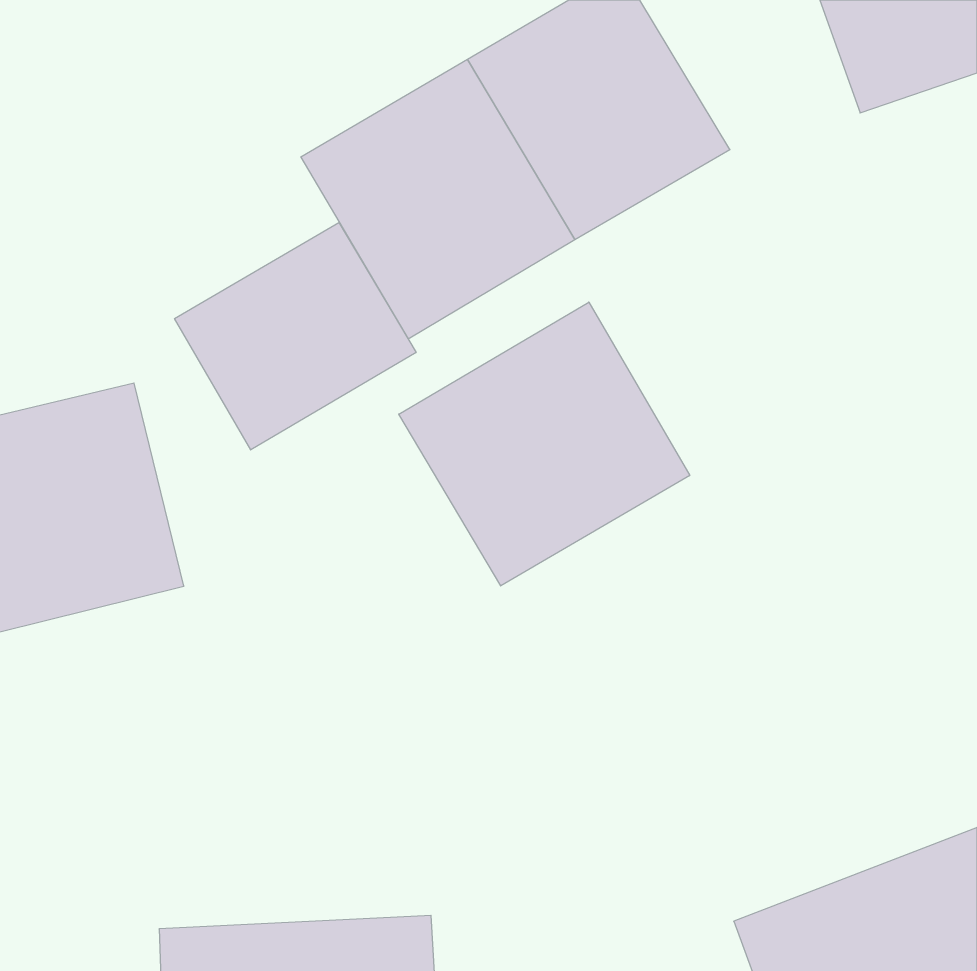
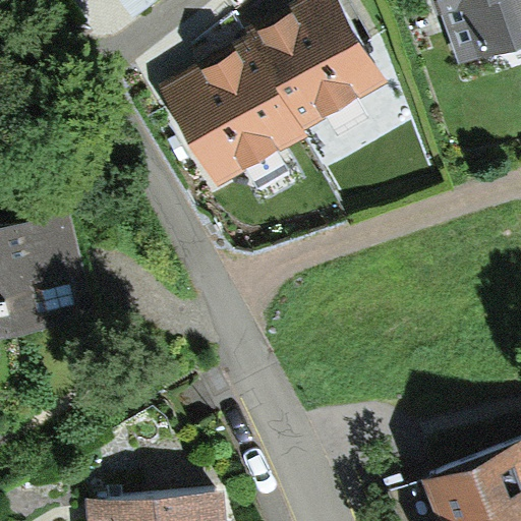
building: [175,223,416,450] -> none
building: [399,302,690,586] -> none

